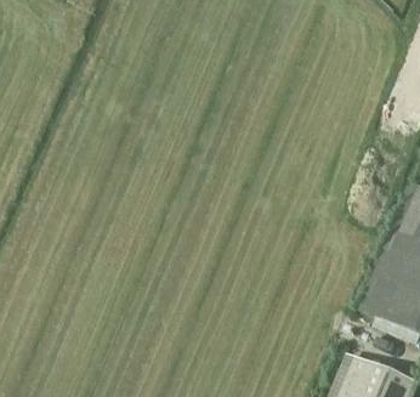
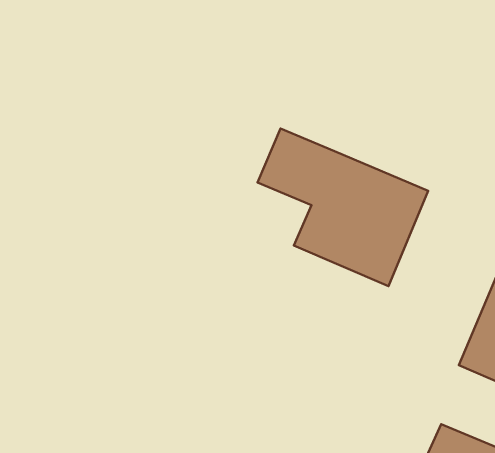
building: none -> [258,128,428,286]

